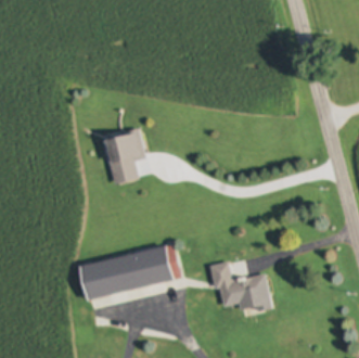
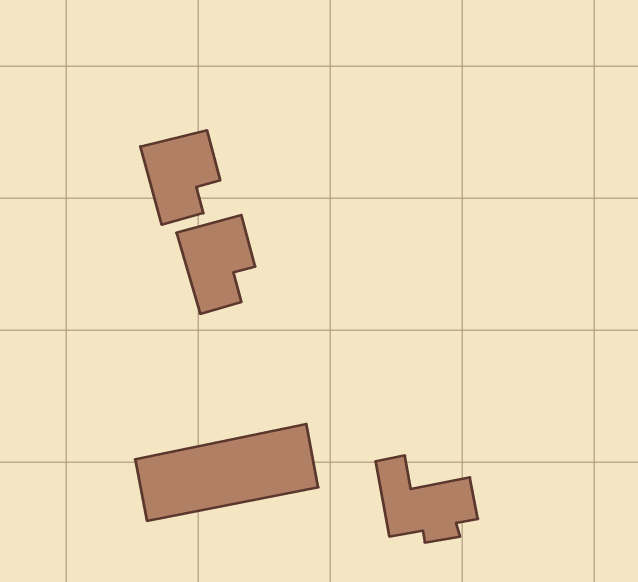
building: none -> [140,130,220,225]

